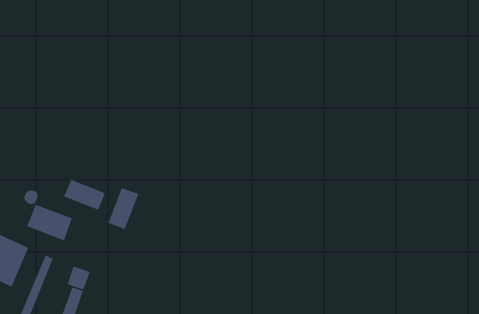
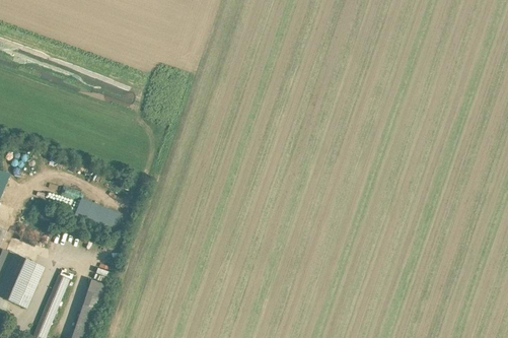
building: [108,187,140,230] -> none
building: [26,204,73,241] -> none

